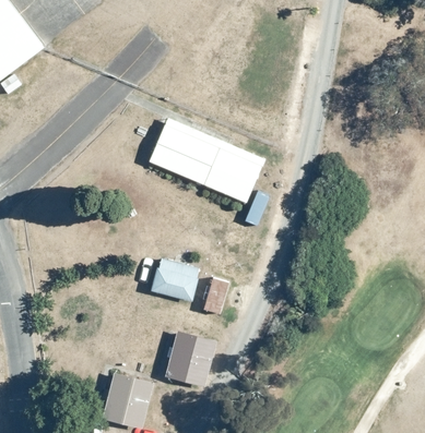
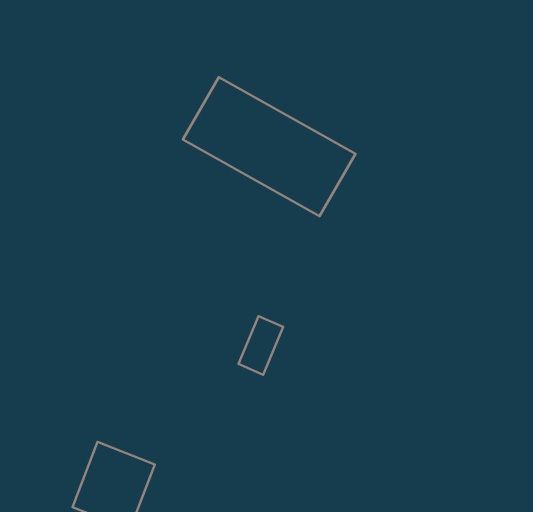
building: [150,256,199,301] -> none
building: [164,330,216,387] -> none

